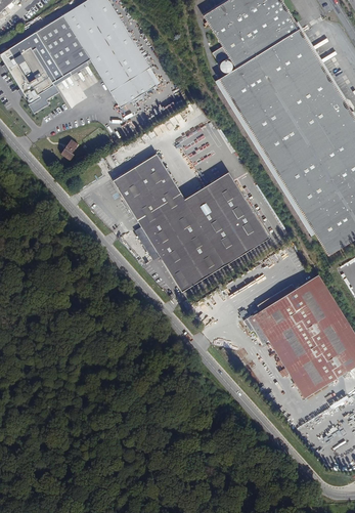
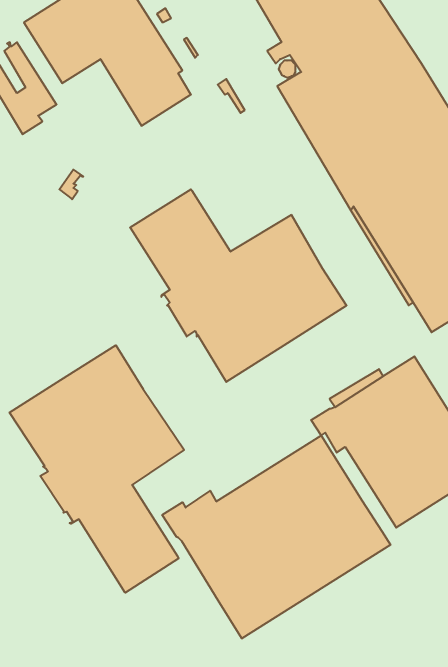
building: none -> [10,345,184,593]
building: none -> [162,436,390,639]

